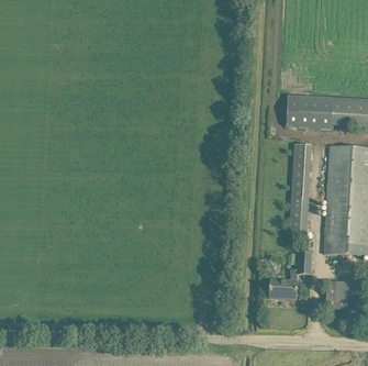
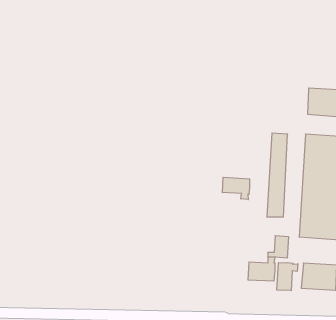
building: [287,93,333,127] -> none
building: none -> [222,177,250,200]
building: none -> [277,263,298,291]

